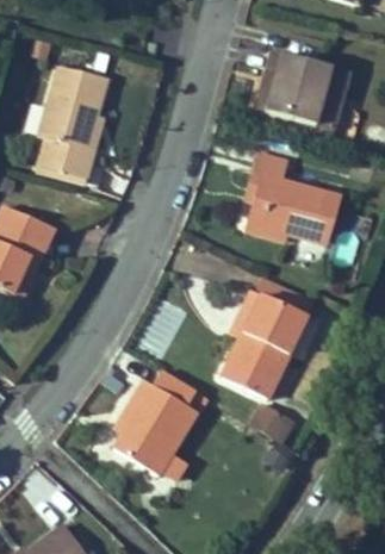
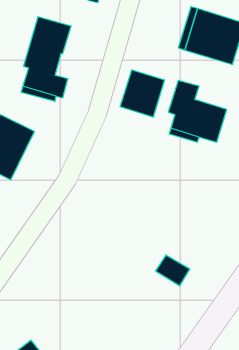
building: none -> [120,70,164,117]
building: [224,280,316,402] -> none
building: [112,369,206,477] -> none

